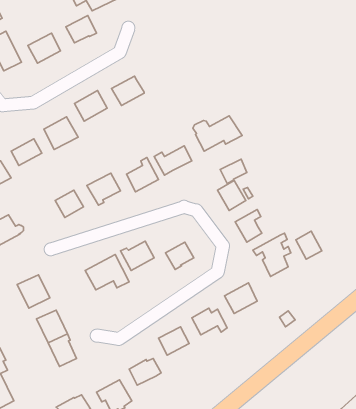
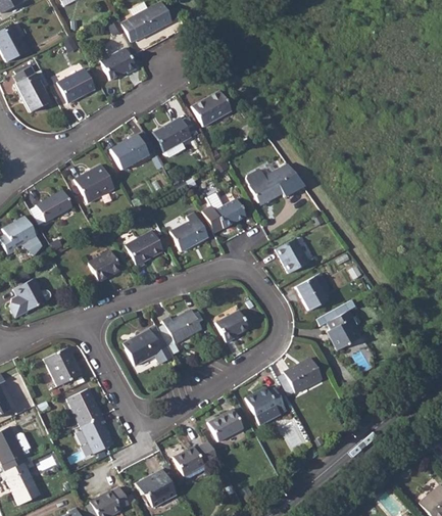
building: none -> [192,90,232,126]
building: [220,159,247,183] -> none
building: [296,231,322,259] -> none

